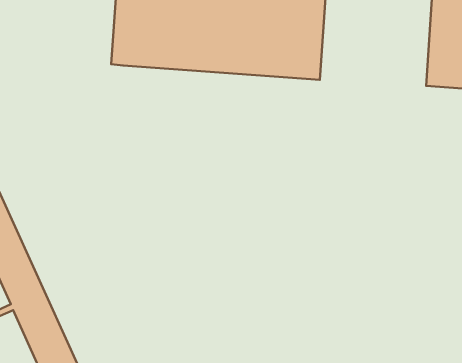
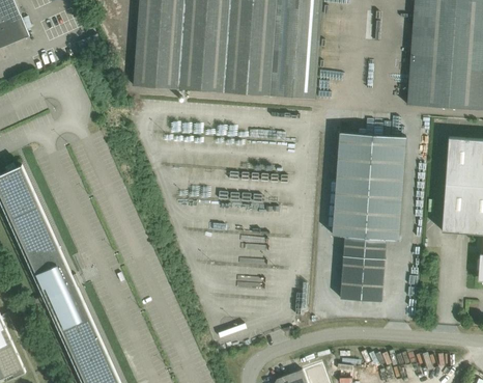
building: none -> [333,133,406,302]

